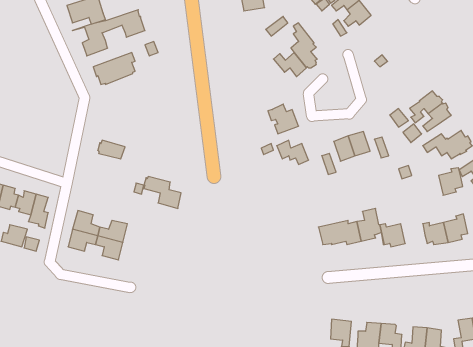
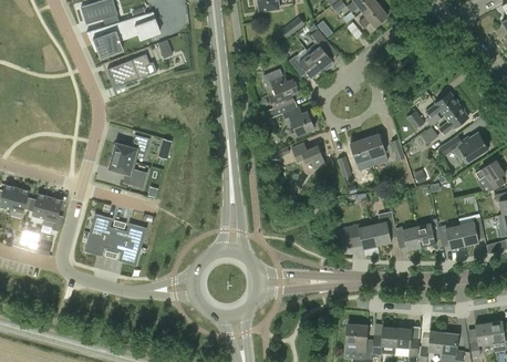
building: none -> [262,69,298,118]
building: [439,168,463,195] -> [417,219,442,247]
building: [144,177,181,208] -> [108,156,146,188]

